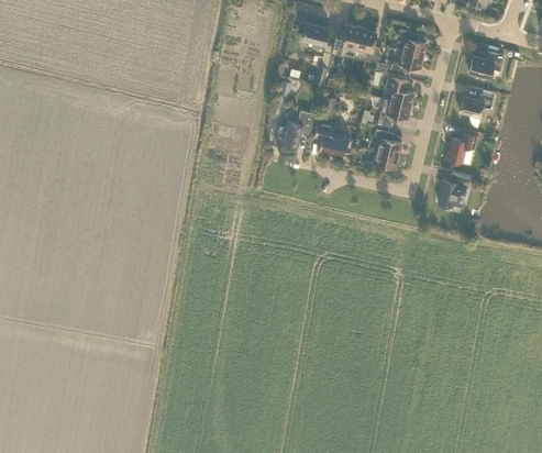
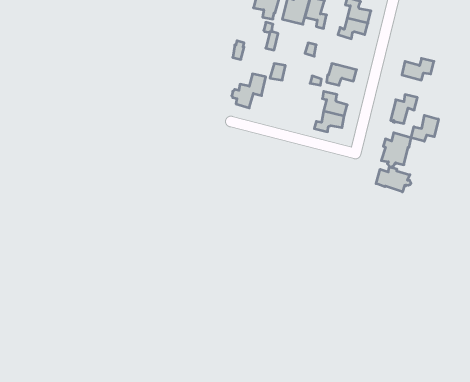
building: [468,51,504,78] -> none
building: [381,73,414,106] -> none
building: [314,119,350,157] -> none
building: none -> [411,115,438,141]
building: none -> [376,167,411,192]

